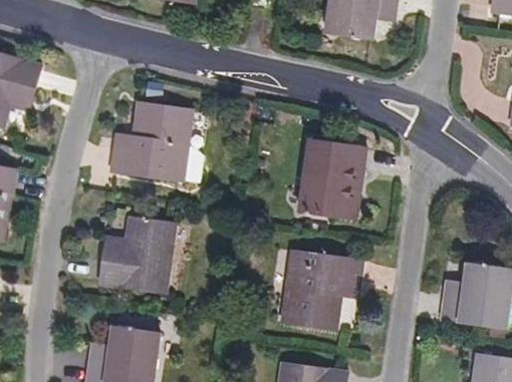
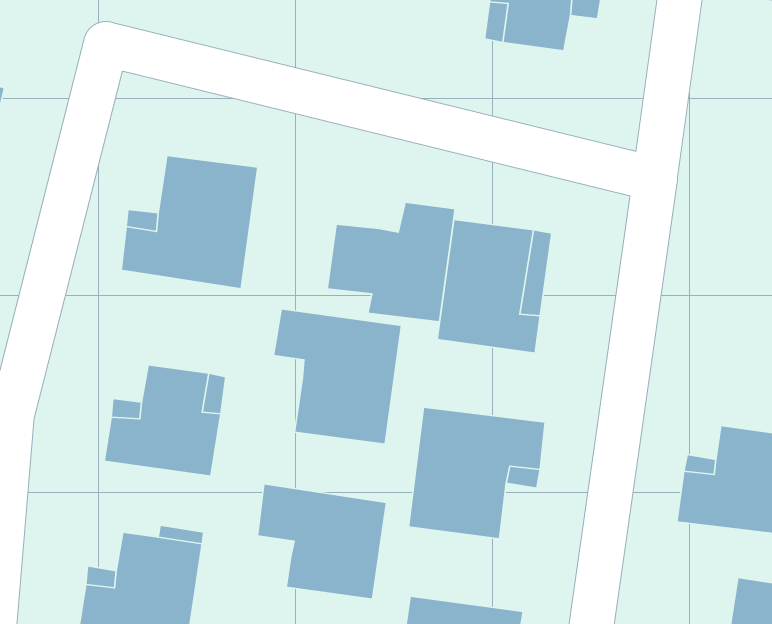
building: none -> [327,202,455,322]
building: none -> [274,309,401,444]
building: none -> [257,484,386,599]

